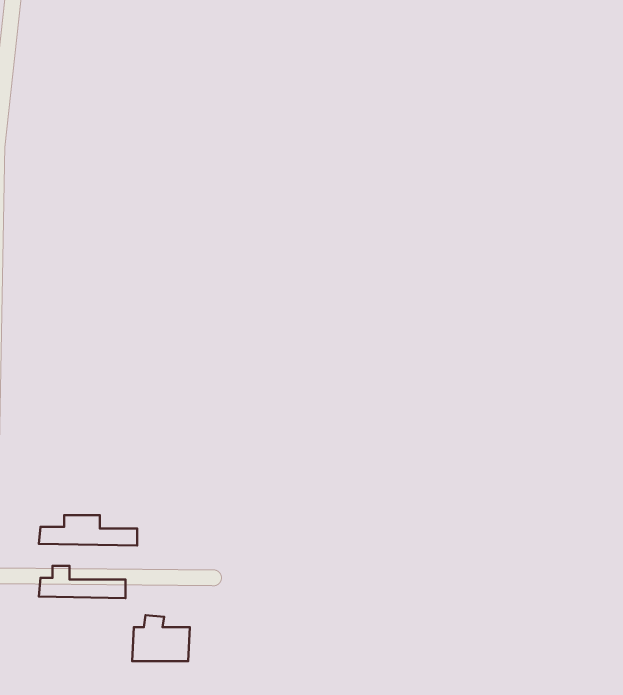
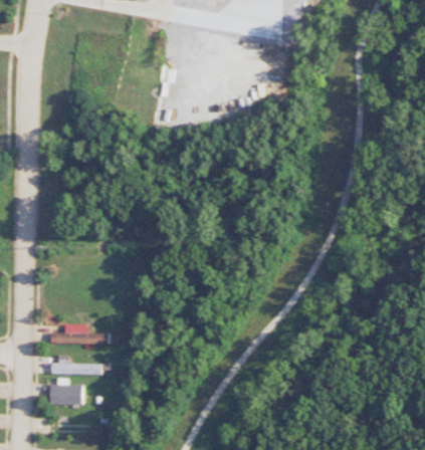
building: [132,615,190,661] -> [49,378,83,405]

